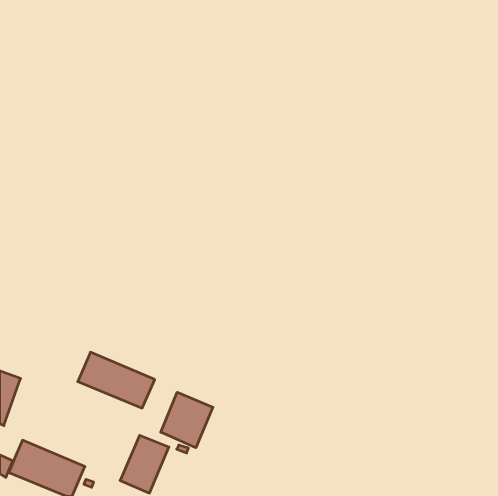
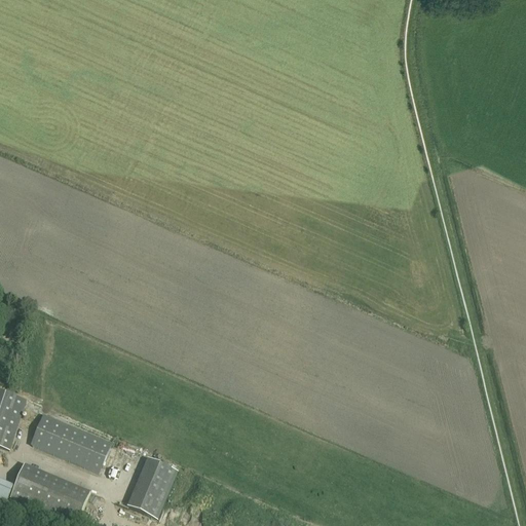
building: [78,352,155,408] -> [30,413,111,472]
building: [161,392,213,448] -> none

